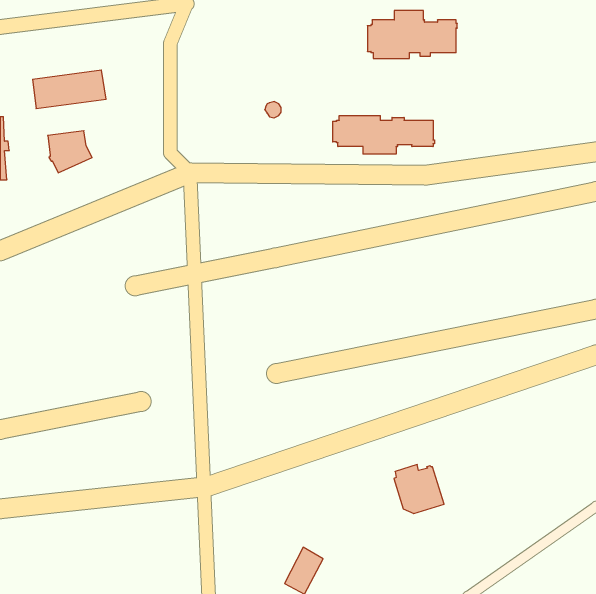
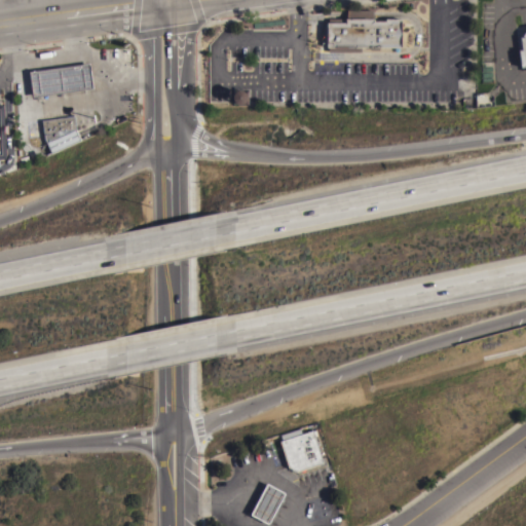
building: [333,116,434,154] -> none
building: [394,465,444,514] -> [279,429,324,473]

